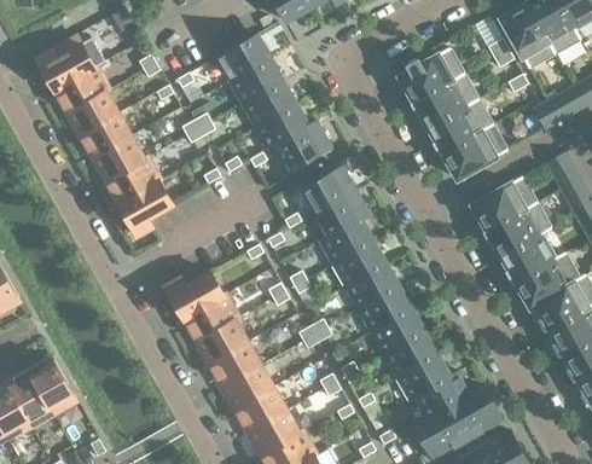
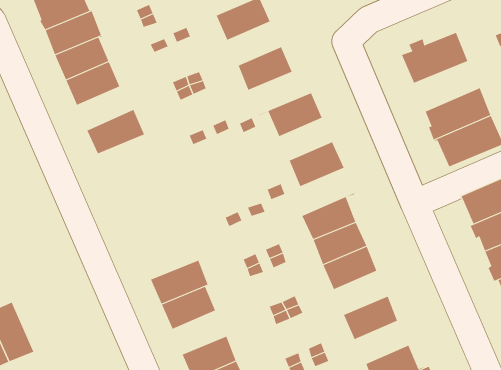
building: [230,57,283,103] -> none
building: [411,74,478,127] -> none
building: [255,103,317,147] -> none
building: [92,135,147,181] -> none
building: [117,179,172,236] -> none
building: [315,190,368,240] -> none
building: [164,271,226,318] -> none
building: [359,285,412,331] -> none
building: [384,331,437,376] -> none
building: [208,341,261,387] -> none

